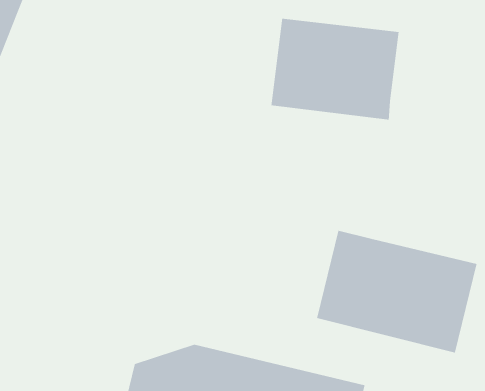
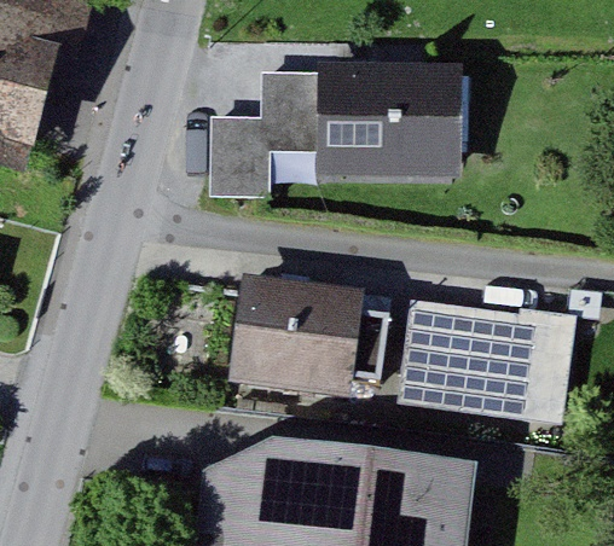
building: none -> [218,72,325,197]
building: none -> [244,283,360,394]

